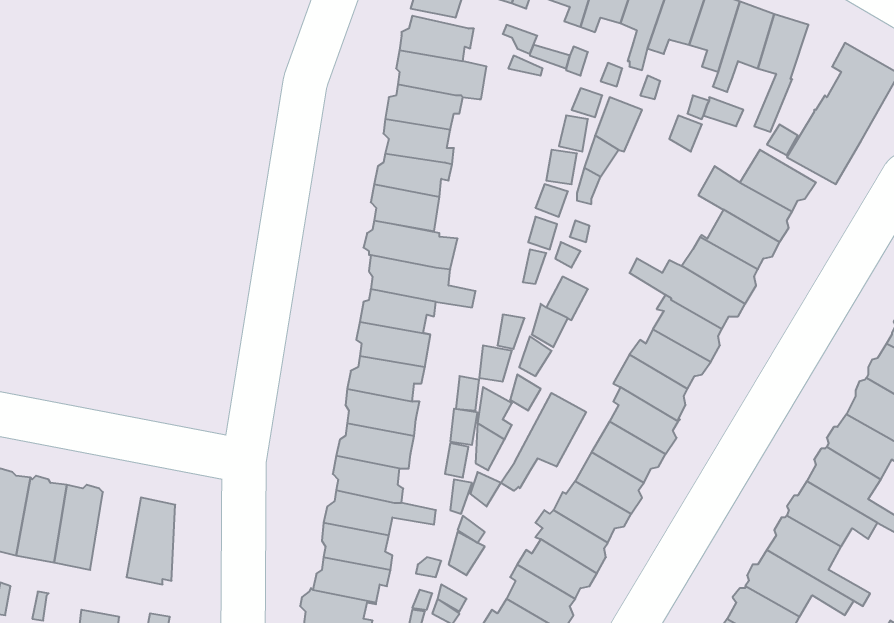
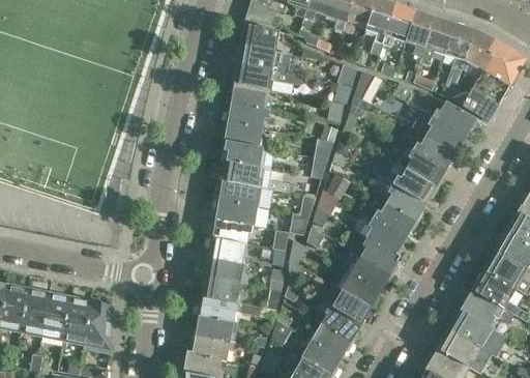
building: none -> [462,30,495,80]
building: [501,393,586,491] -> none
building: none -> [63,296,92,346]

